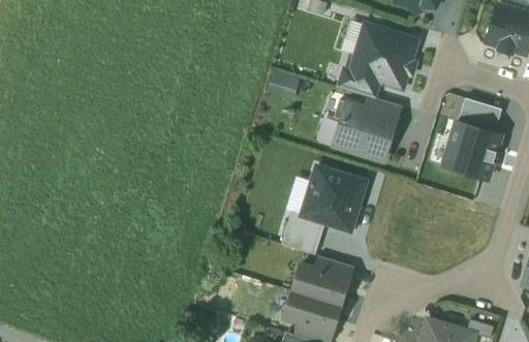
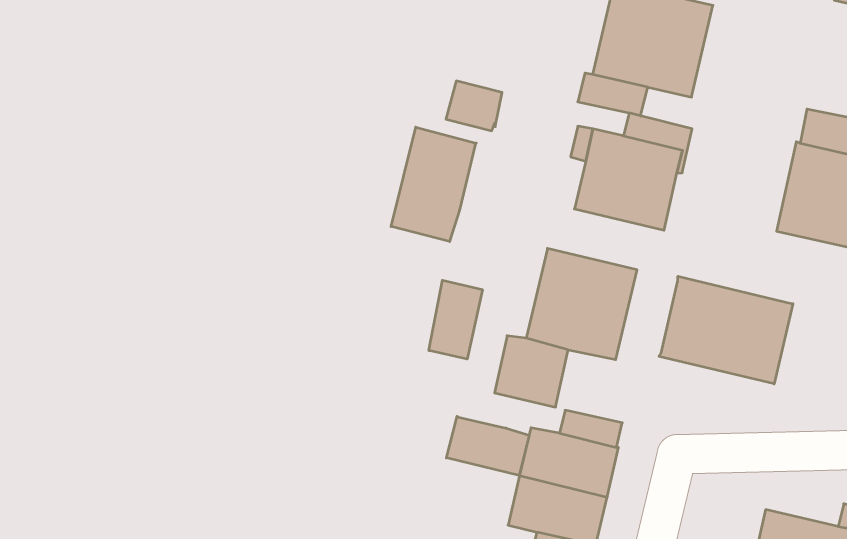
building: none -> [391,127,476,242]
building: none -> [429,280,482,359]
building: none -> [659,276,793,384]
building: none -> [446,416,529,475]

